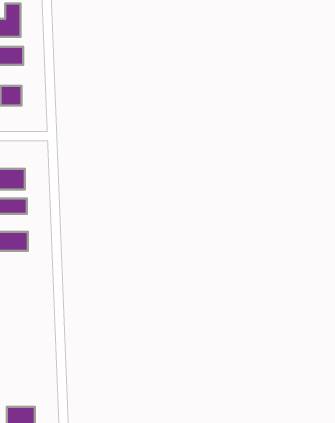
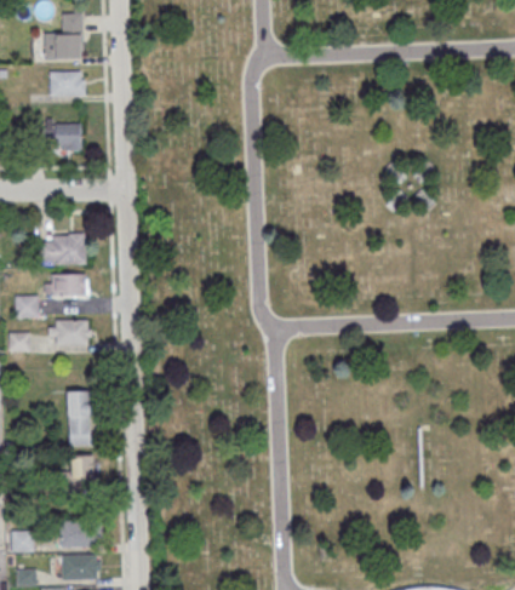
building: none -> [67,390,91,446]
building: none -> [59,456,92,503]
building: none -> [58,521,97,546]

